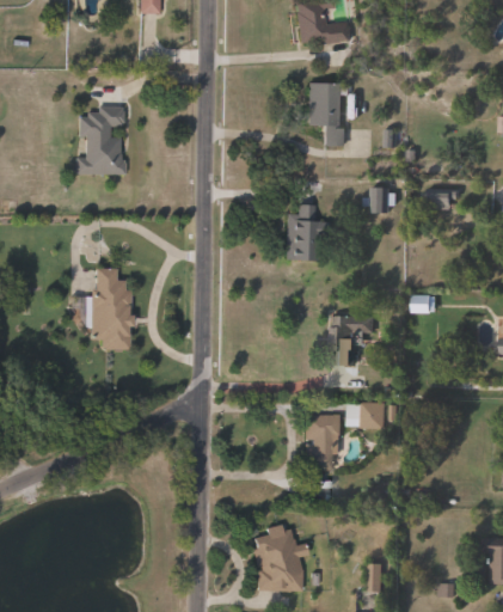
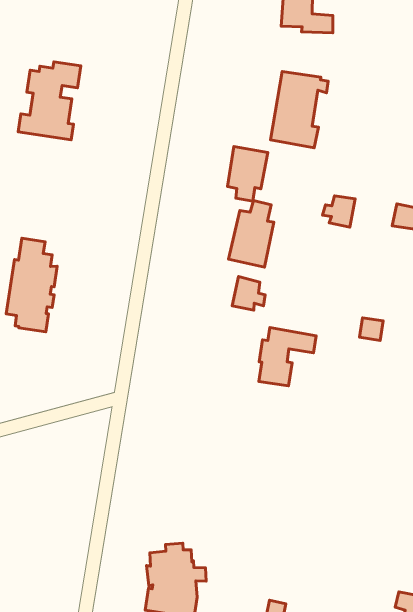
building: none -> [227,147,268,201]
building: none -> [232,276,265,310]
building: [361,402,385,427] -> none
building: [305,412,341,469] -> none

